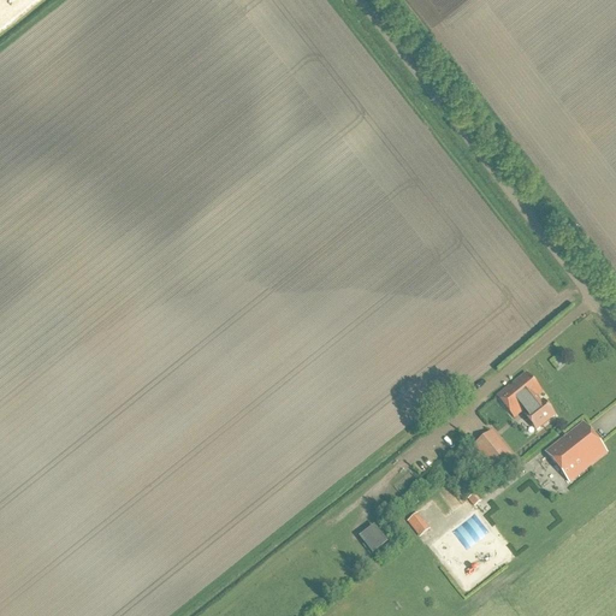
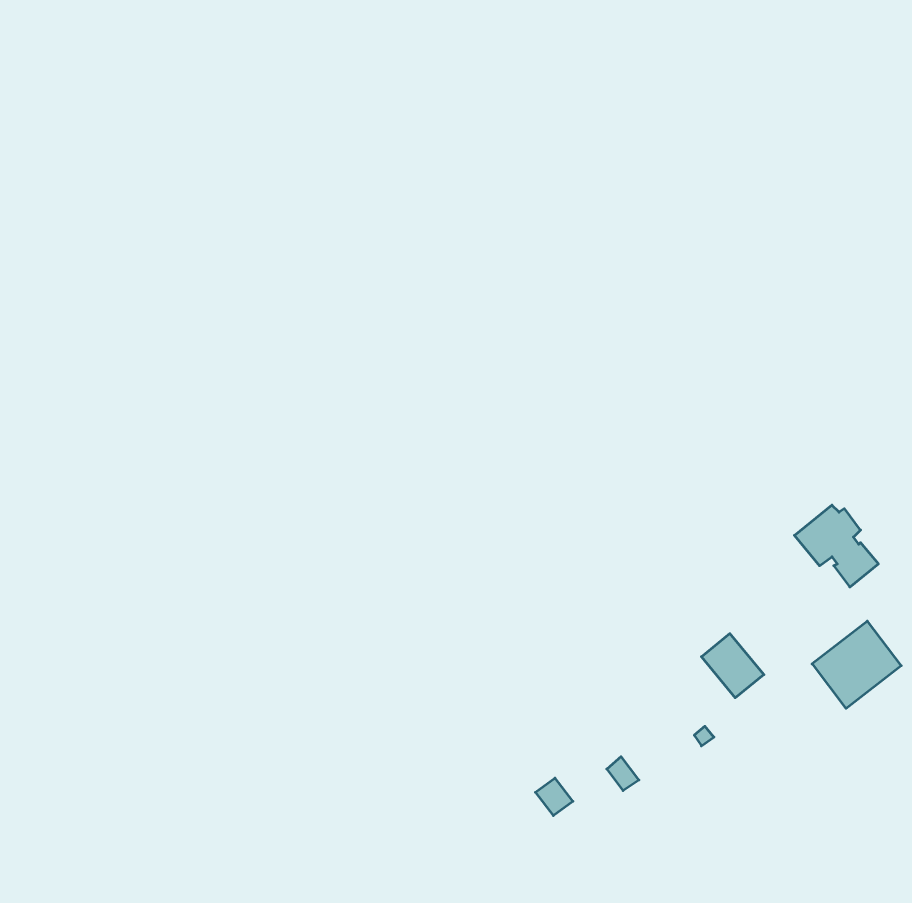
building: [498,372,555,427] -> [794,505,878,587]

